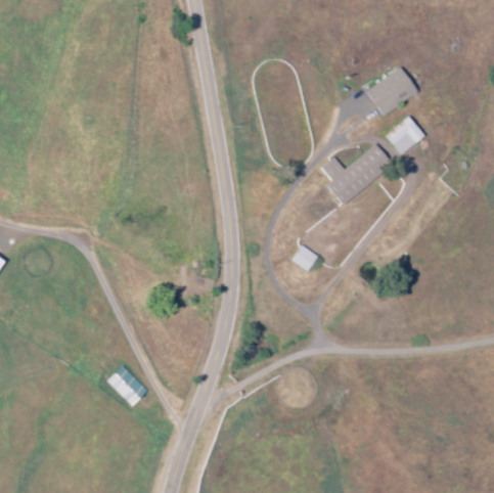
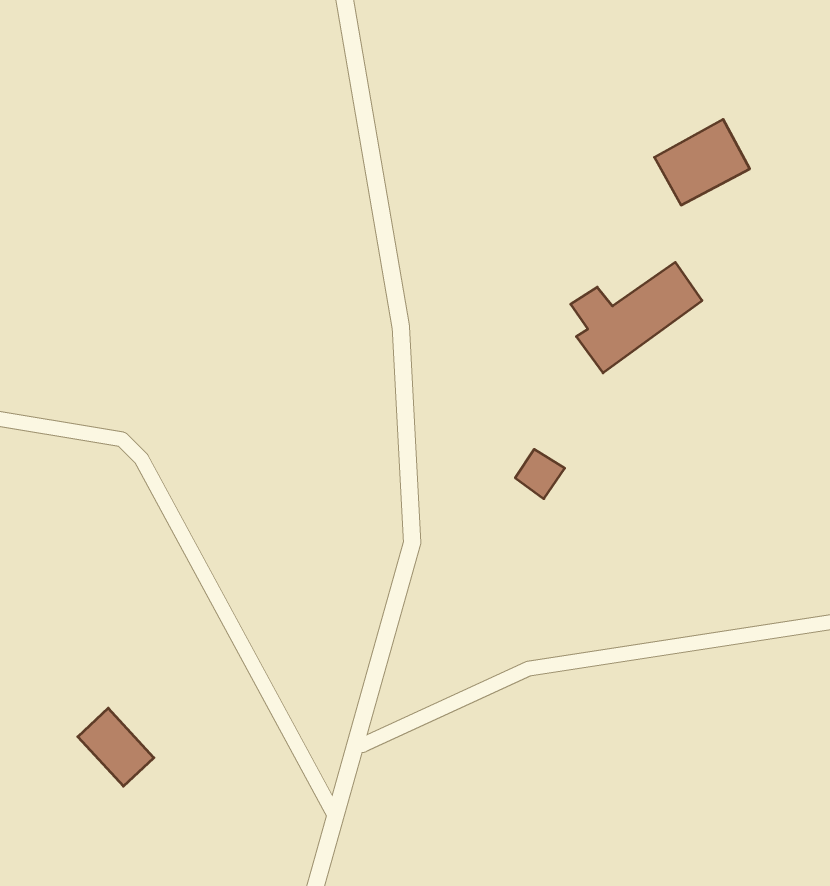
building: [386,116,425,154] -> none
building: [107,364,148,406] -> [78,708,154,786]

